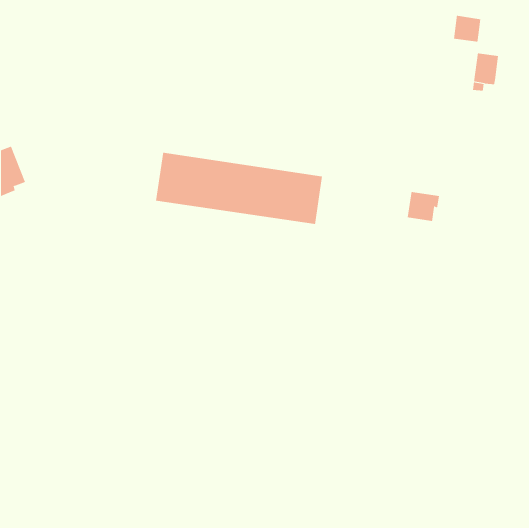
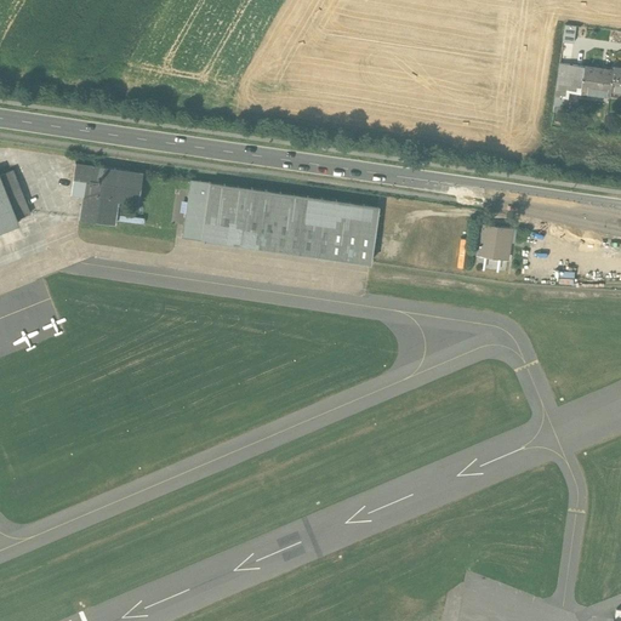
building: [453,15,481,42] -> [581,67,614,98]
building: none -> [70,164,143,224]

